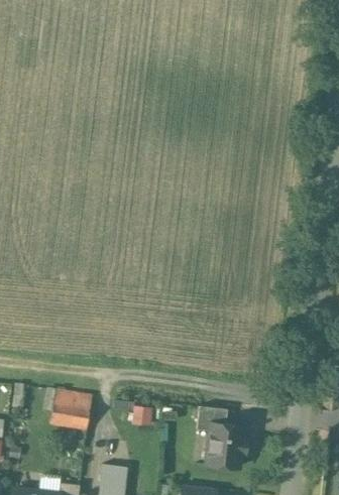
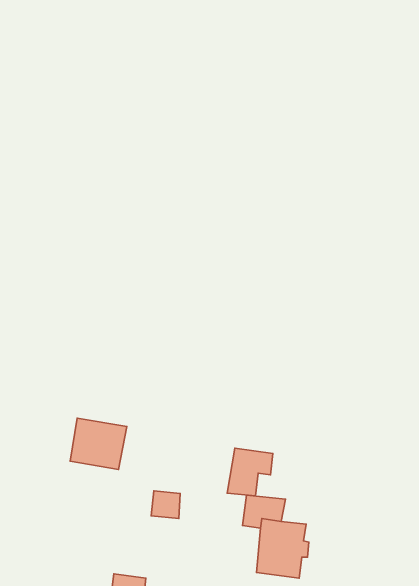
building: none -> [227,448,273,496]
building: [51,391,93,428] -> [70,418,127,469]

